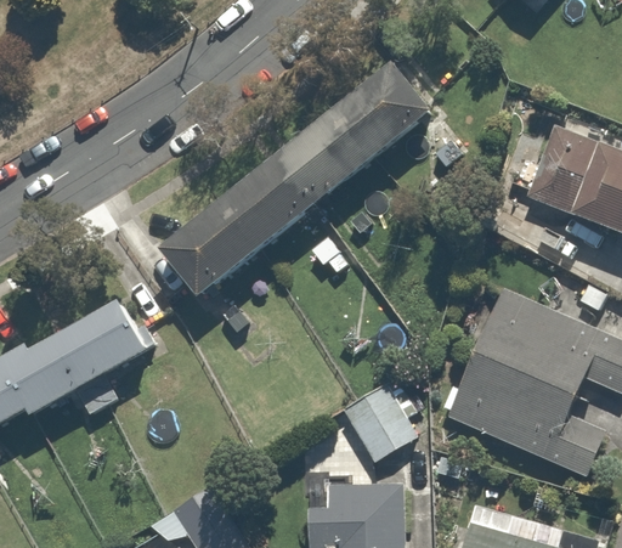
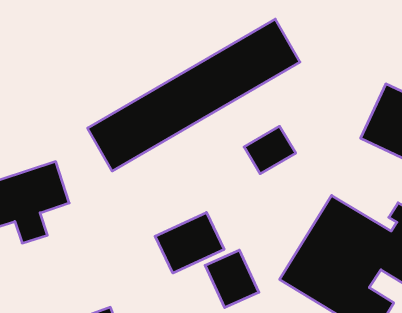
building: none -> [244,126,296,174]
building: none -> [155,212,224,273]

